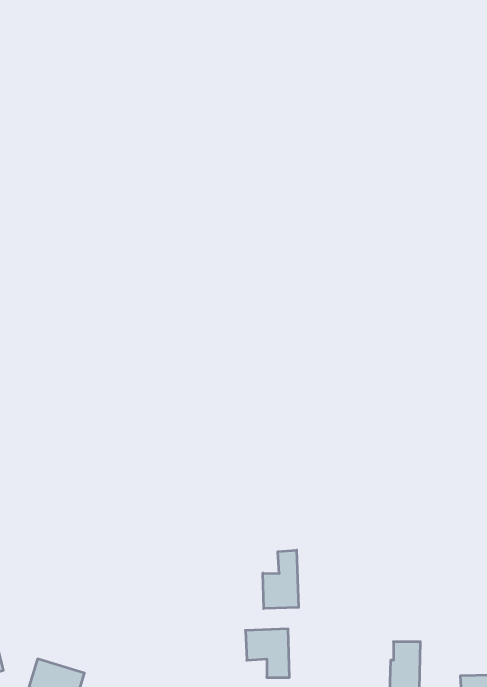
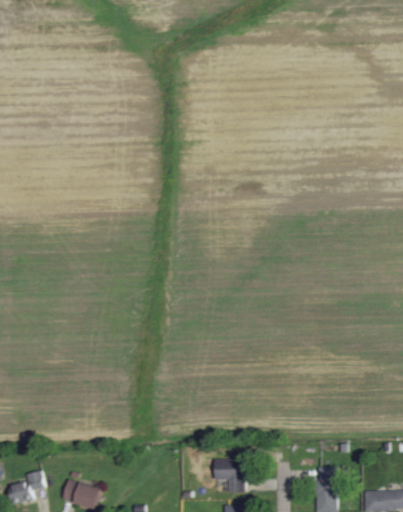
building: [263,550,299,609] -> none

